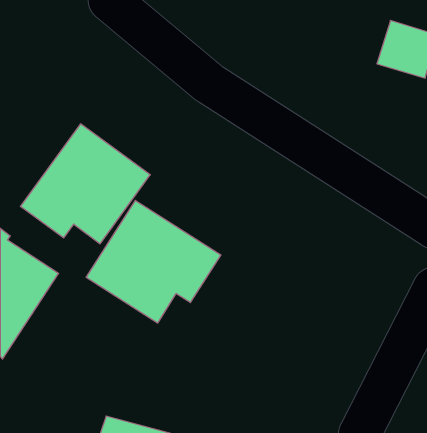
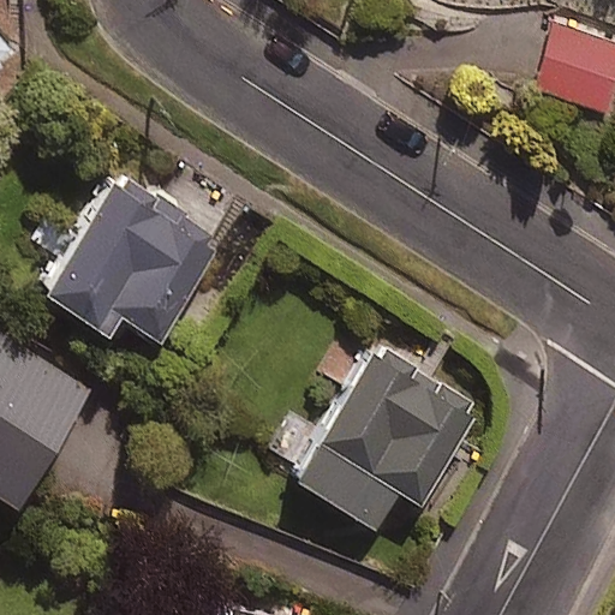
building: [86,200,221,323] -> none
building: none -> [276,350,479,530]

